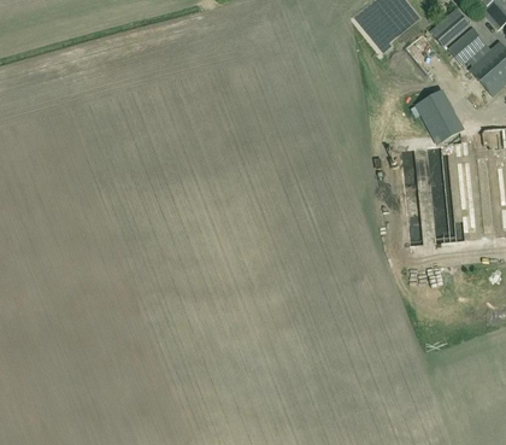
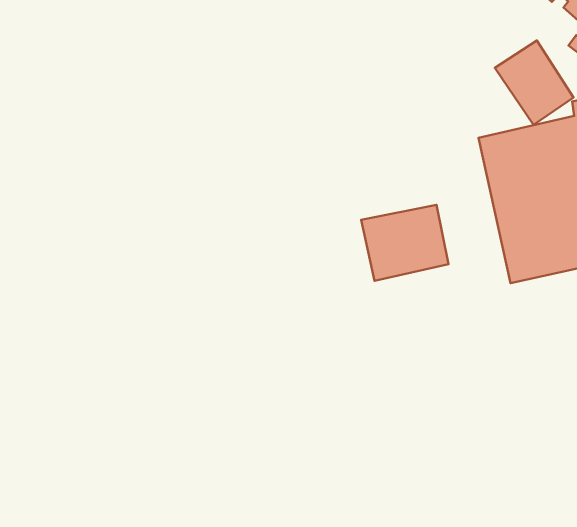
building: none -> [361,205,449,281]

